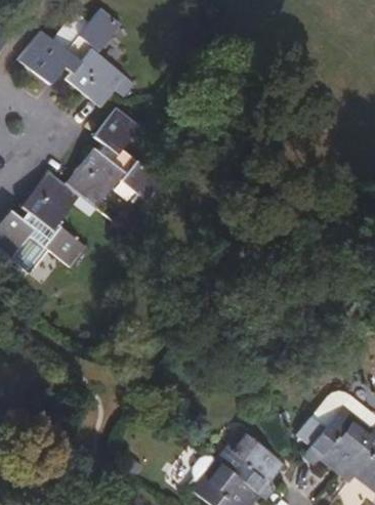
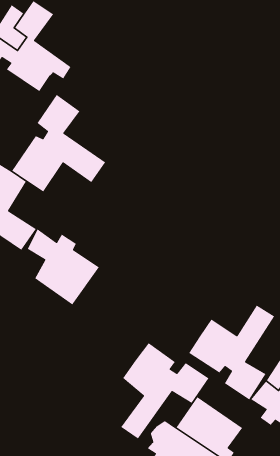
building: none -> [27,228,100,305]
building: none -> [188,304,275,400]
building: none -> [120,342,209,439]

